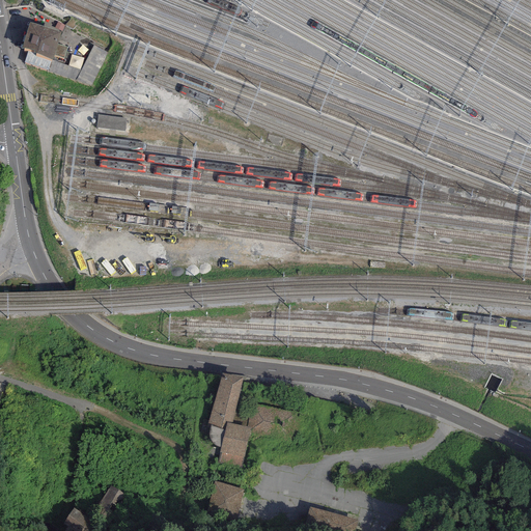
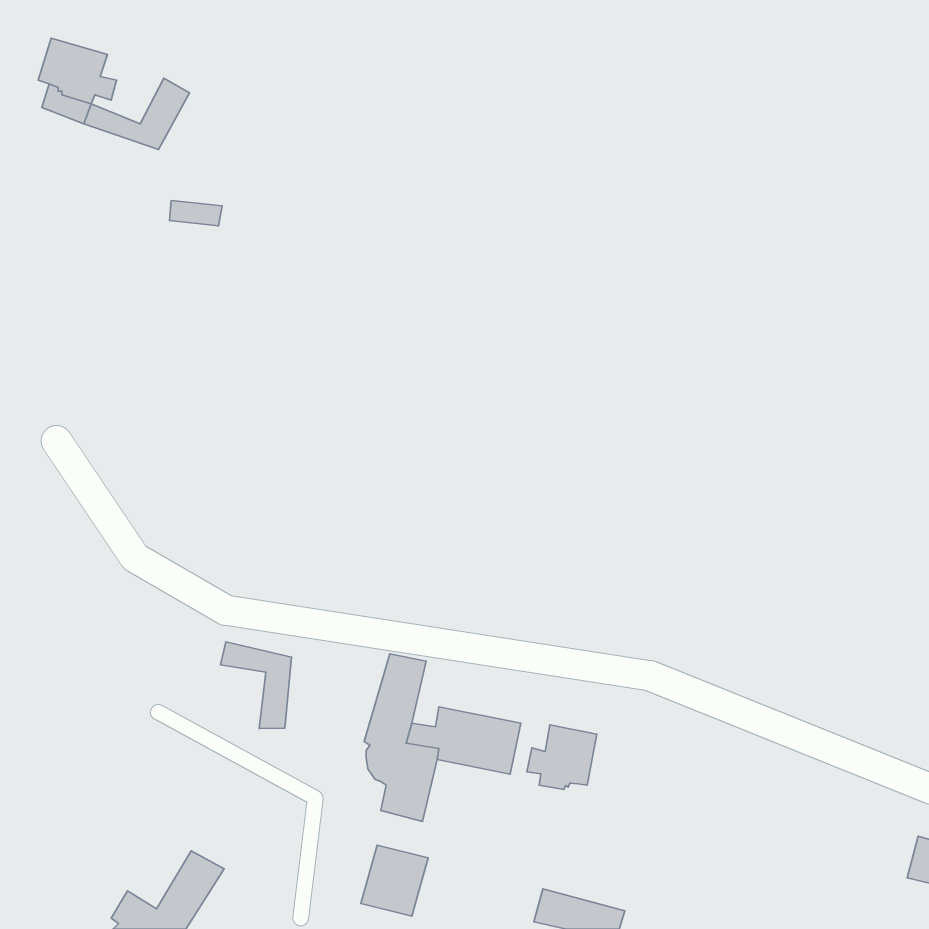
building: none -> [221,642,292,729]
building: none -> [527,725,597,789]

